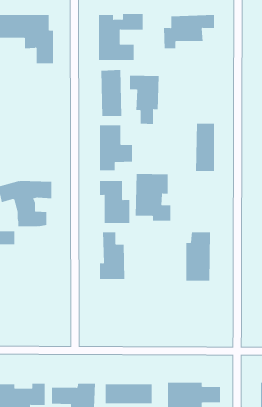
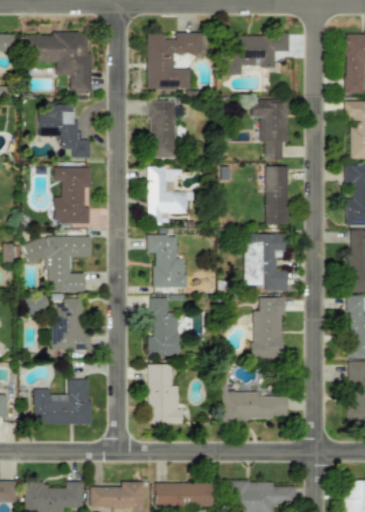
building: none -> [39,104,91,158]
building: [129,75,159,125] -> [252,100,289,160]
building: none -> [54,167,92,223]
building: [135,173,171,221] -> [244,233,288,291]
building: none -> [53,298,91,350]
building: none -> [147,364,183,424]
building: none -> [35,380,91,425]
building: none -> [222,392,288,421]

